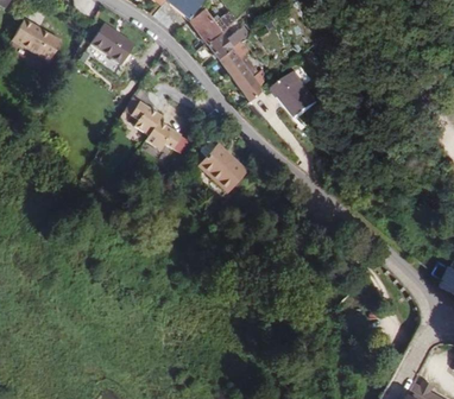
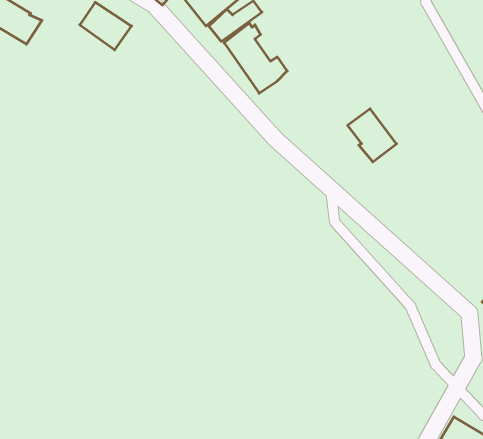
building: [273,75,315,120] -> [348,109,397,162]
building: [132,100,170,150] -> none
building: [194,141,241,191] -> none

